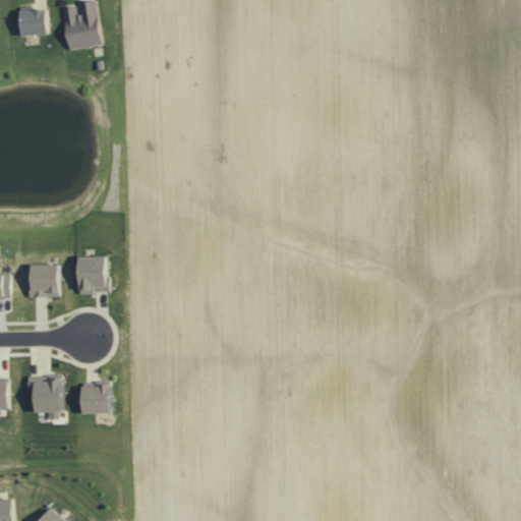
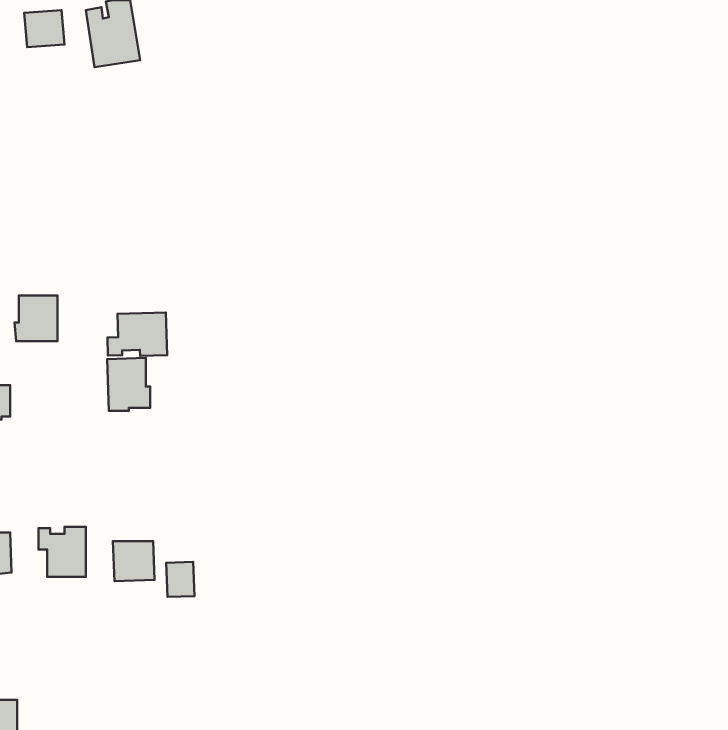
building: none -> [107,313,167,356]
building: [26,264,57,296] -> [15,295,58,341]
building: none -> [166,562,194,597]

